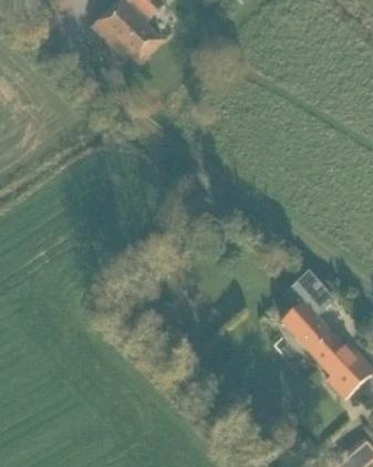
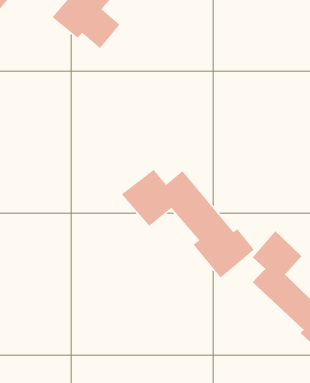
building: none -> [121,169,255,278]

